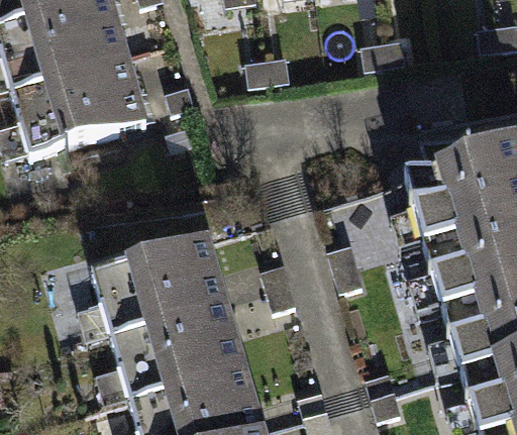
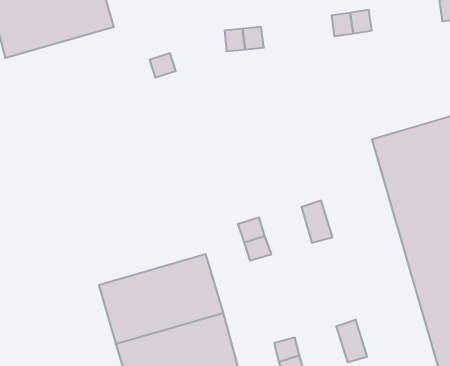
building: [11,58,147,156] -> none
building: [93,236,227,335] -> none

